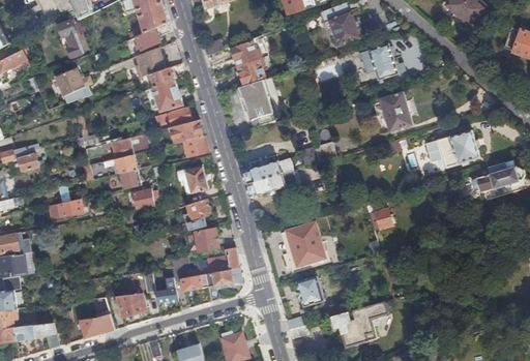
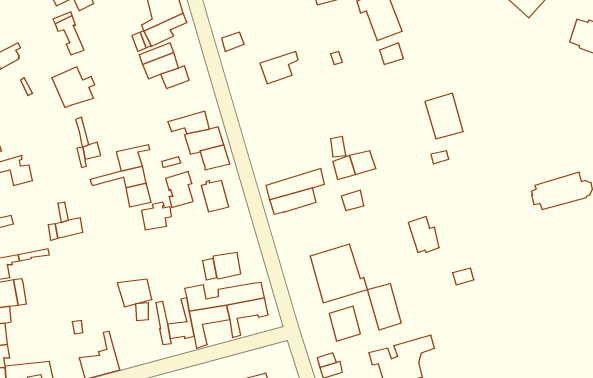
building: [229,38,266,66] -> none
building: [367,43,396,80] -> none
building: [237,80,274,128] -> none
building: [151,81,183,113] -> none
building: [424,130,478,168] -> none
building: [187,200,211,231] -> [166,171,193,207]
building: none -> [368,284,401,330]
building: [116,294,146,318] -> [117,279,152,307]

